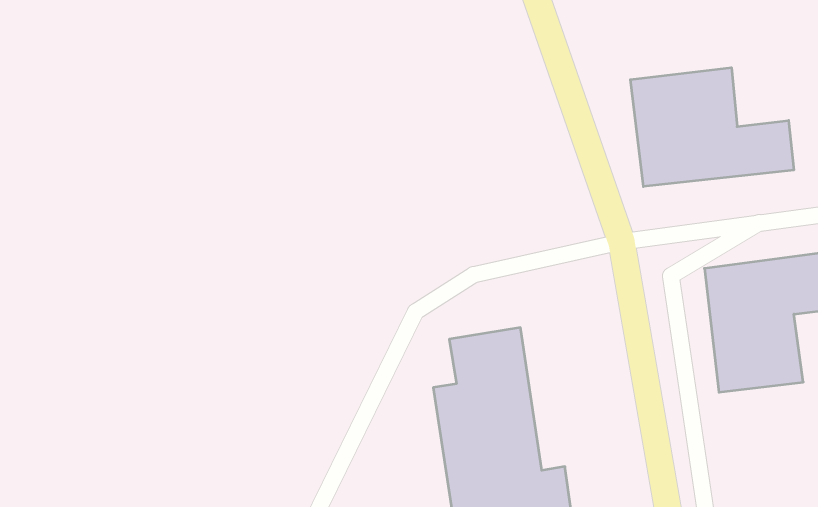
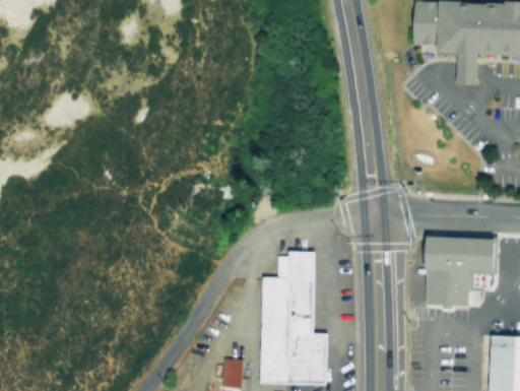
building: [630,68,794,187] -> none

